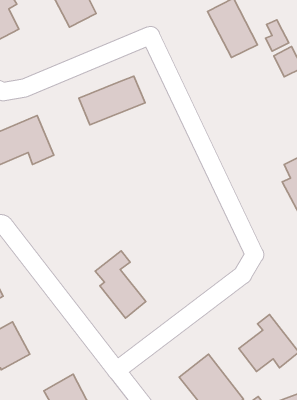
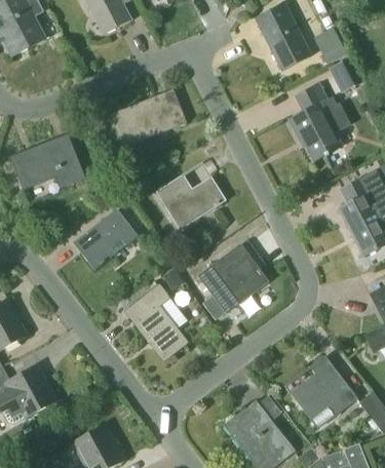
building: none -> [290,84,351,160]
building: none -> [156,173,227,230]
building: none -> [73,209,138,270]
building: none -> [198,244,268,312]

